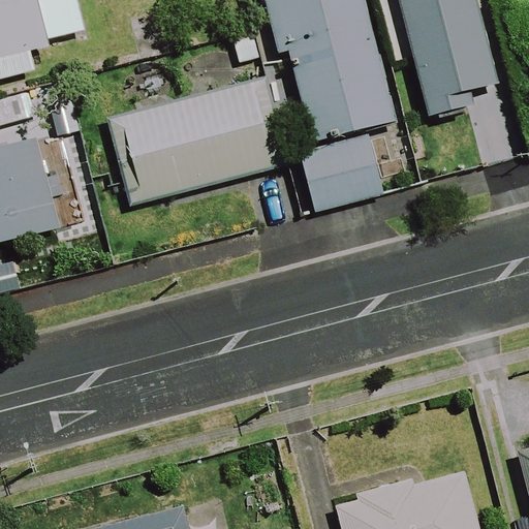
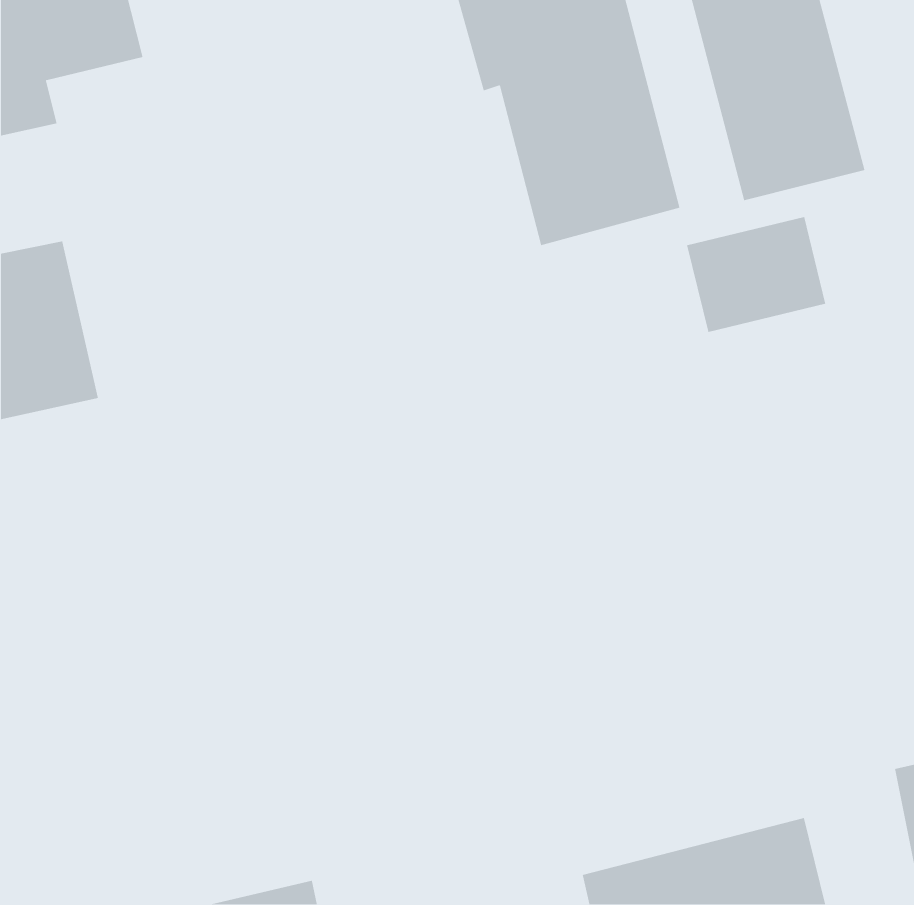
building: [111,81,282,205] -> none
building: [299,142,379,209] -> [686,216,826,333]

